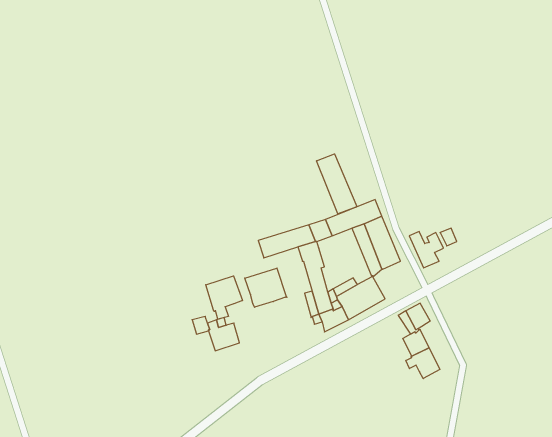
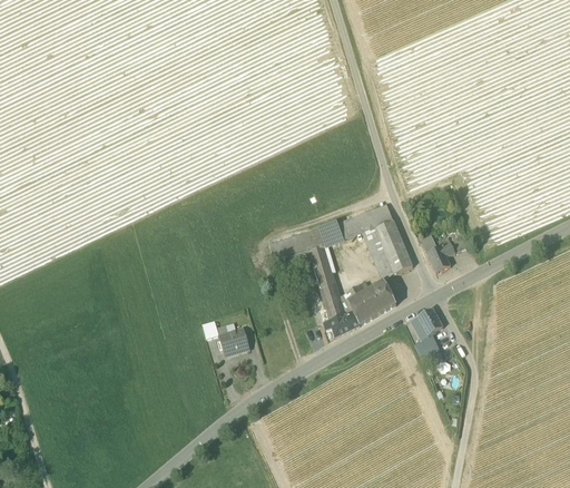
building: [317,154,357,214] -> none
building: [245,268,287,307] -> none
building: [206,276,242,319] -> none
building: [406,348,440,379] -> none

